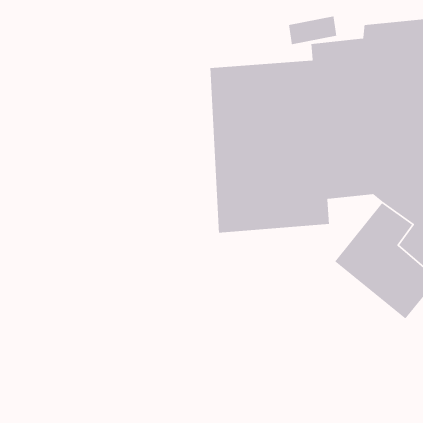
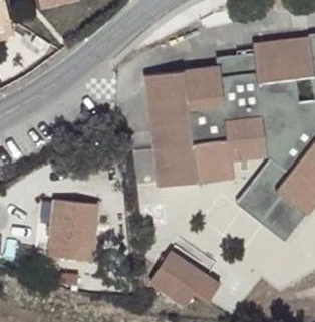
building: none -> [48,190,98,251]
building: none -> [150,252,223,308]

